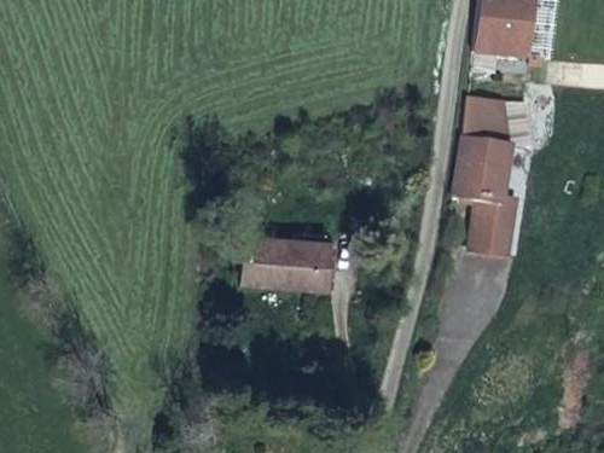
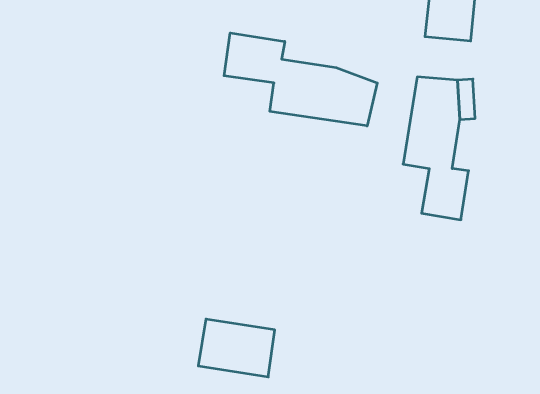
building: none -> [224,33,377,126]
building: [243,228,327,292] -> [198,319,275,377]

